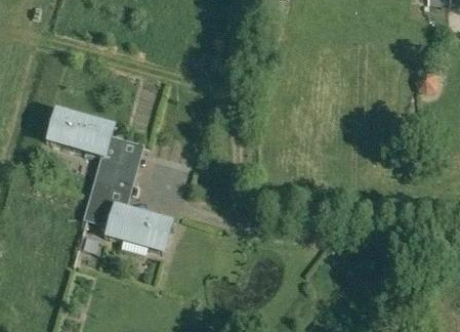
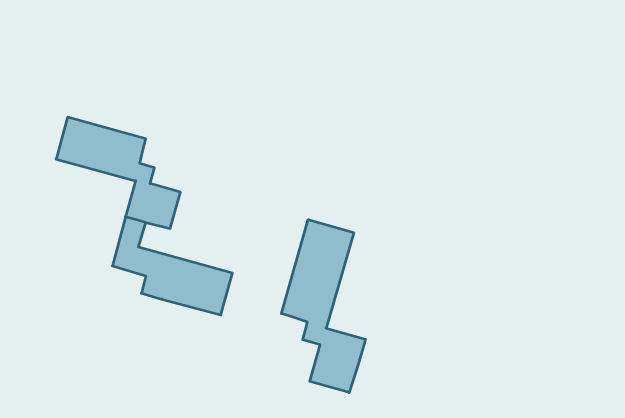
building: none -> [281,220,365,393]

